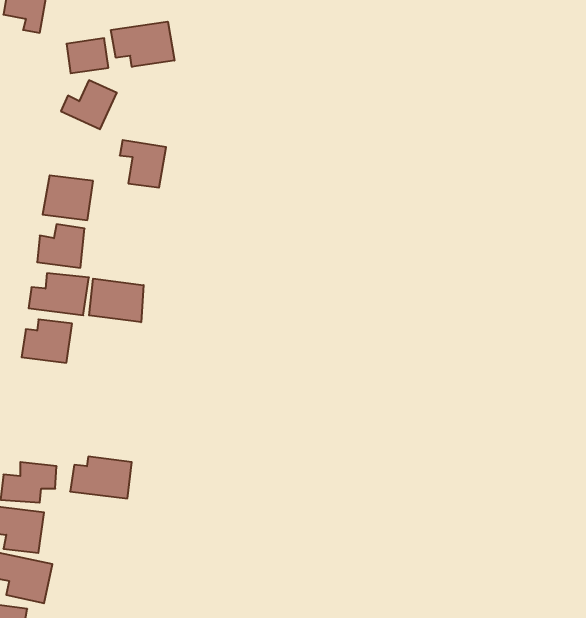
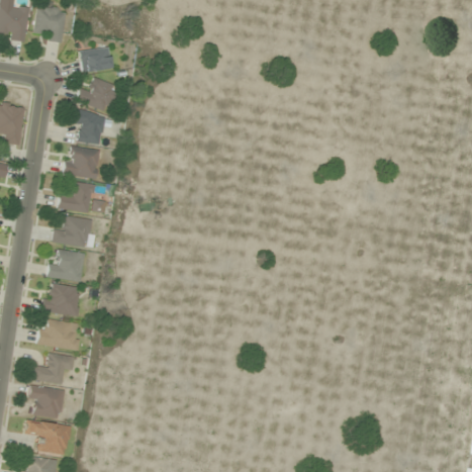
building: [111,22,174,67] -> none
building: [120,140,166,188] -> [71,110,104,145]
building: [89,279,144,322] -> none
building: none -> [42,283,81,316]
building: [70,457,132,498] -> [36,320,81,351]

